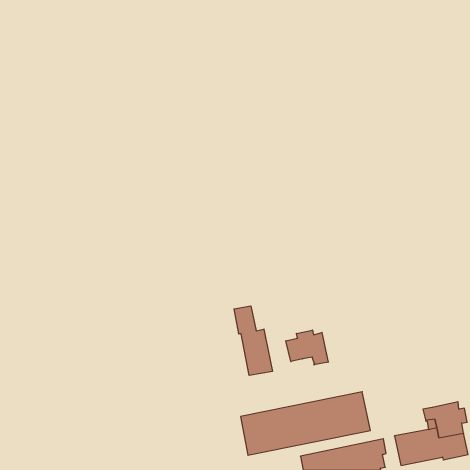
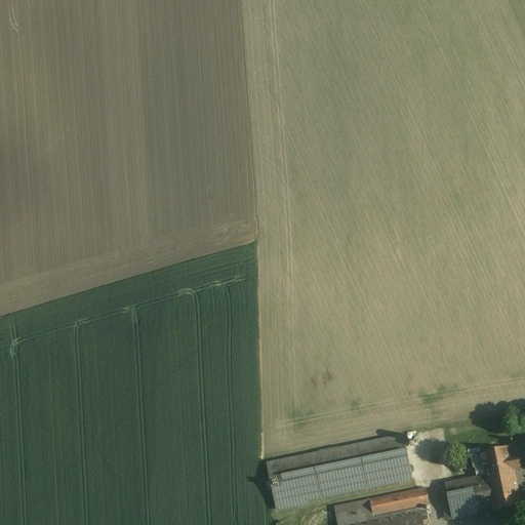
building: [234,306,272,375] -> none
building: [286,330,328,365] -> none

